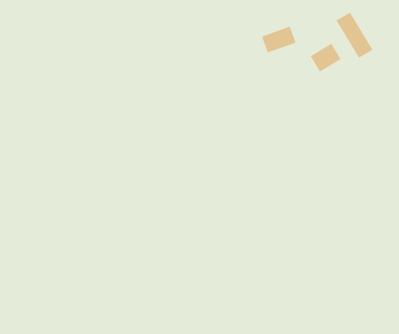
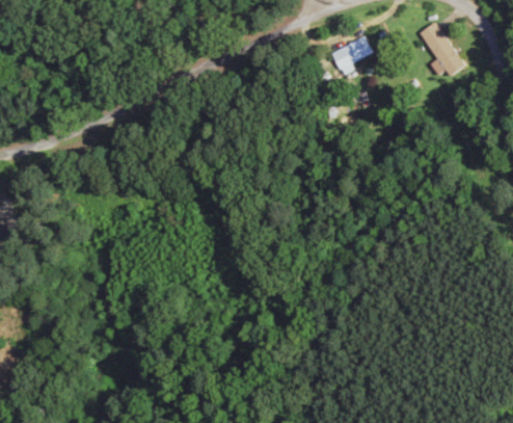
building: [310,43,341,73] -> none

